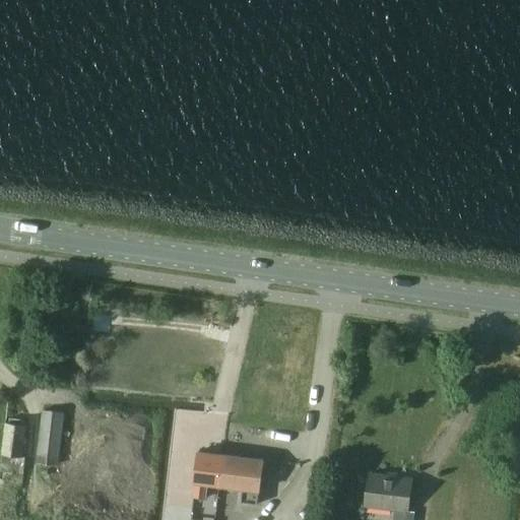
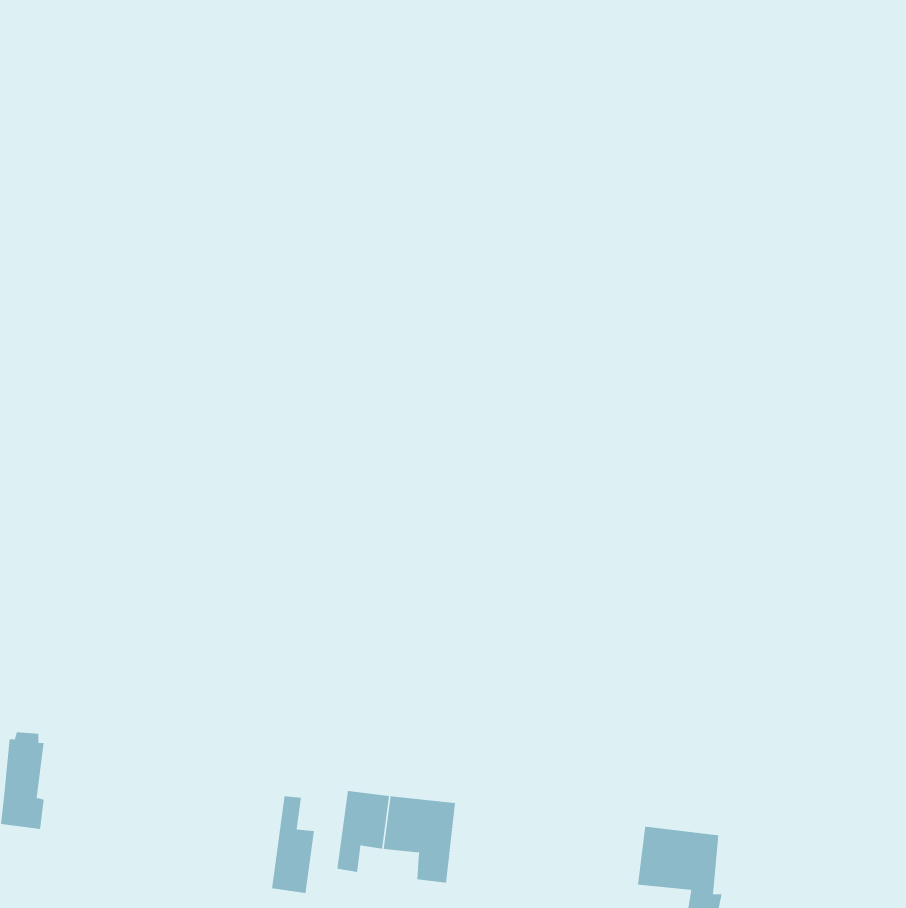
building: [35,409,64,466] -> none
building: none -> [272,796,315,894]

